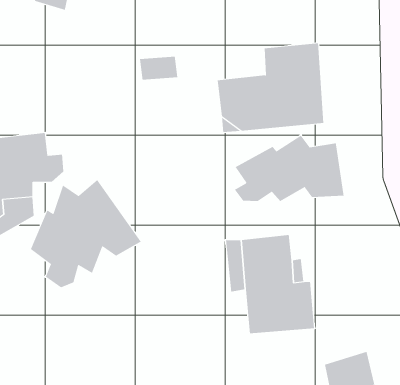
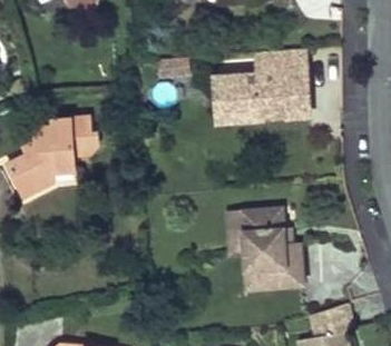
building: [234,135,344,202] -> none
building: [30,179,141,288] -> none

